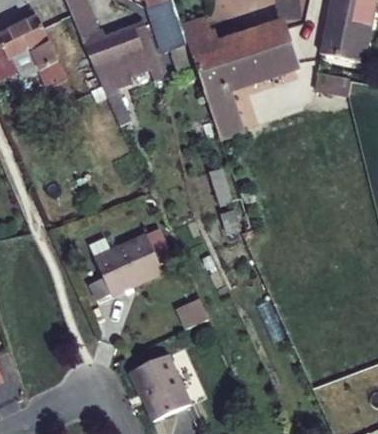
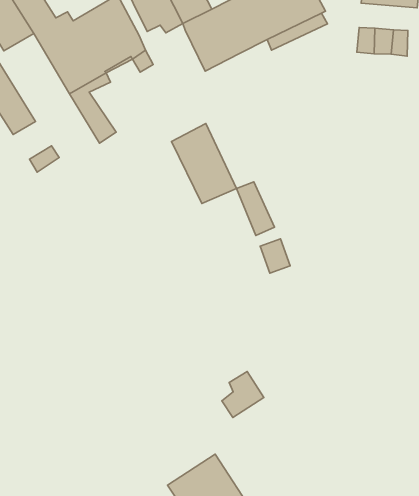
building: [201,74,242,130] -> [171,124,236,204]
building: [89,236,163,298] -> none

